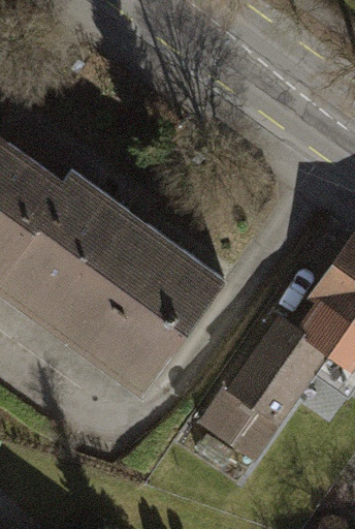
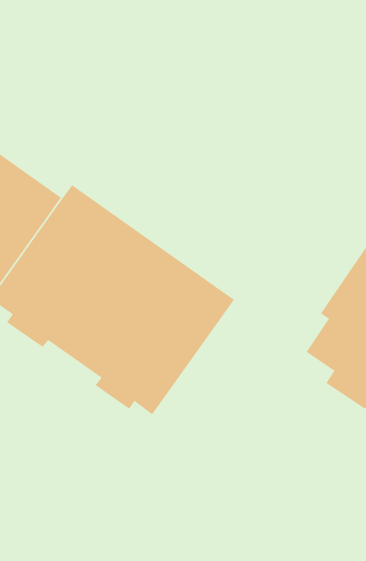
building: [209,320,322,449] -> none

